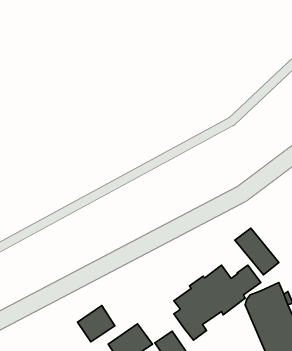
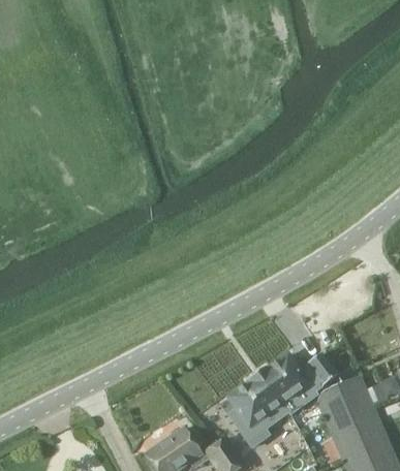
building: [235,228,279,275] -> none
building: [77,306,115,342] -> none

